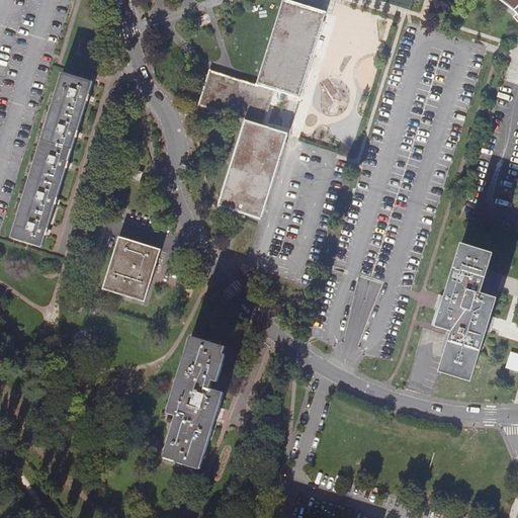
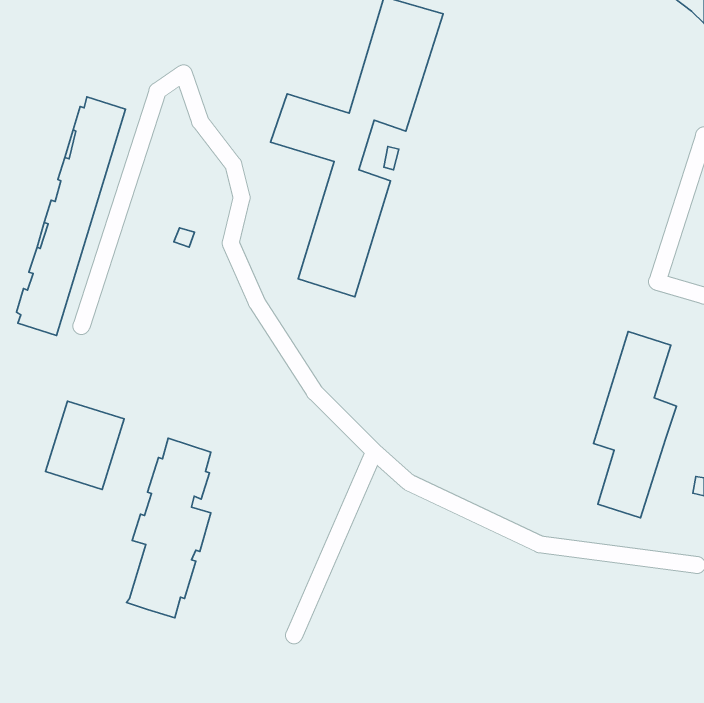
building: [102,235,160,299] -> [45,401,124,489]
building: [162,336,224,467] -> [127,438,211,618]

